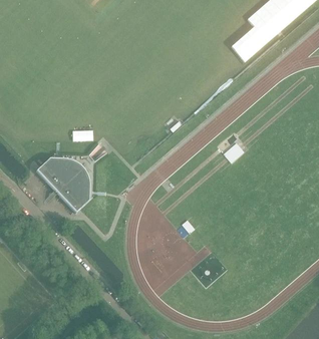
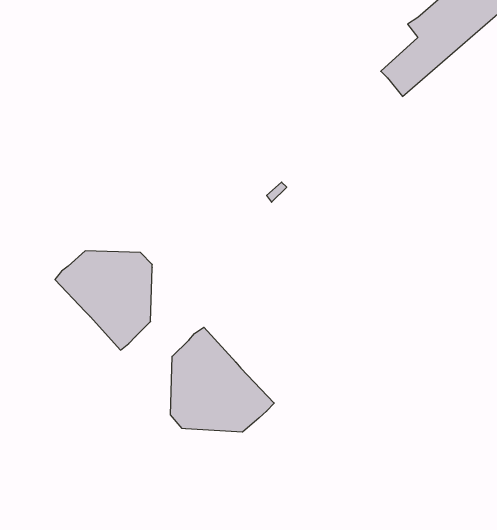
building: none -> [170,327,274,432]

